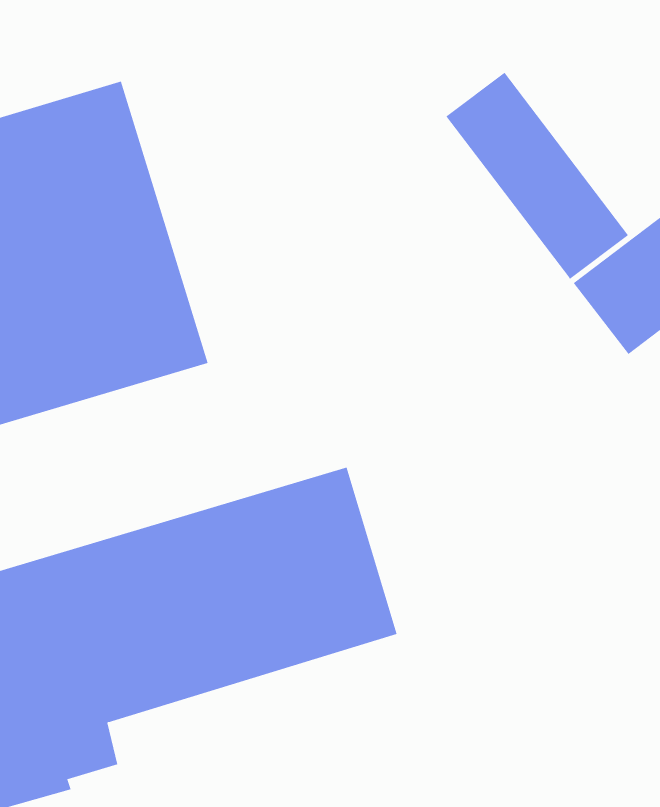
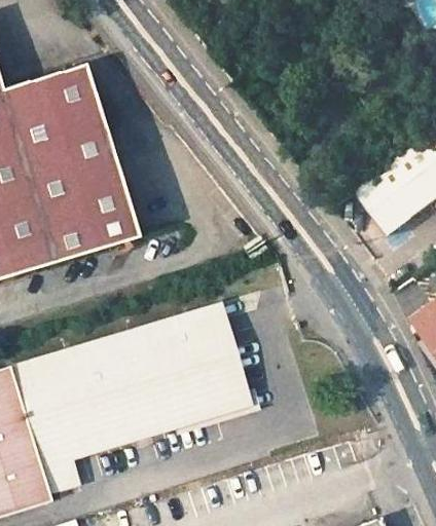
building: [446,72,629,280] -> none

